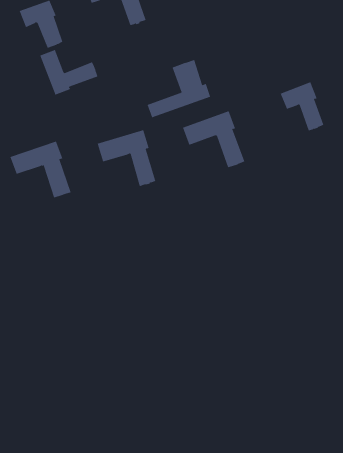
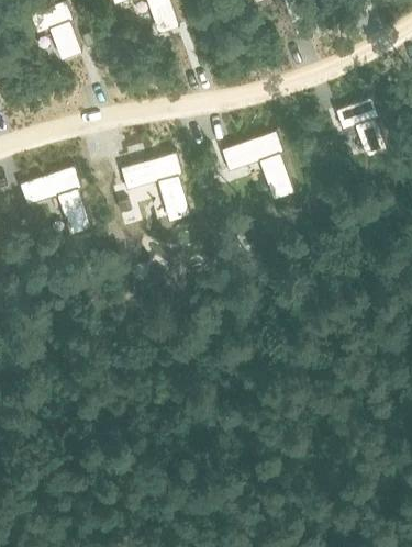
building: [39,49,98,96] -> none
building: [147,59,211,118] -> none

